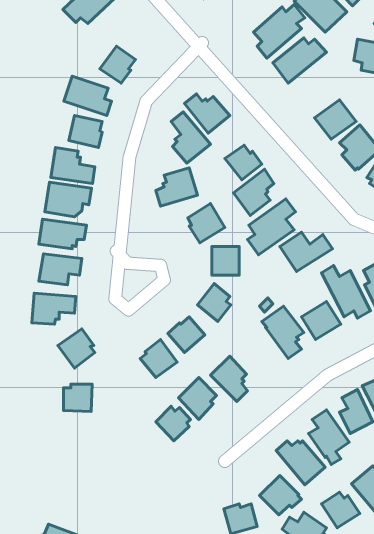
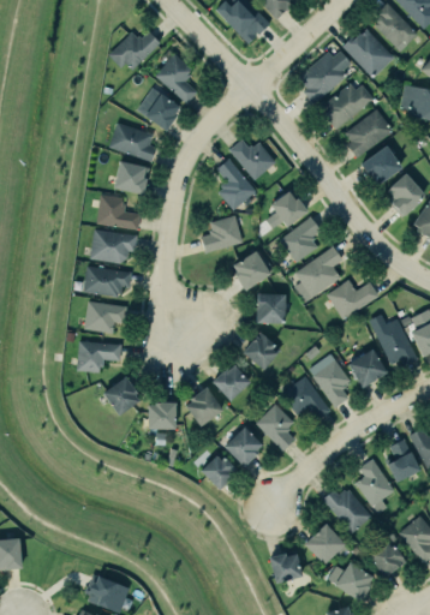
building: none -> [155,54,197,103]
building: none -> [345,109,393,157]
building: none -> [282,376,330,420]
building: [64,384,92,412] -> [149,402,178,430]

